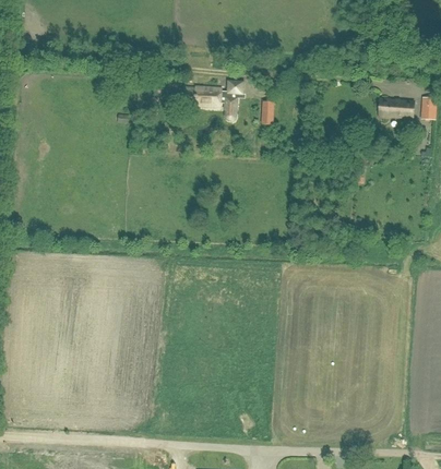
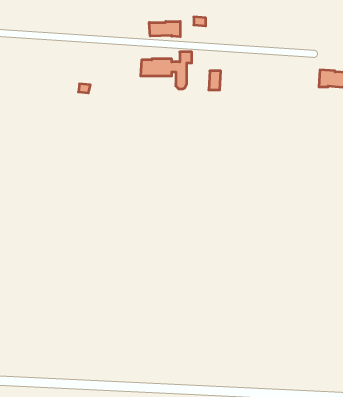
building: none -> [149,21,180,37]

